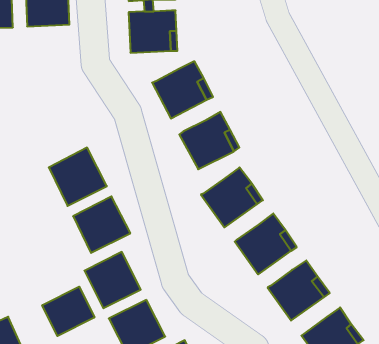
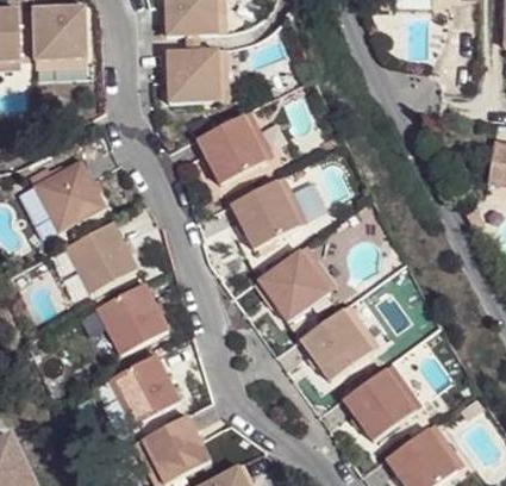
building: none -> [33,157,107,231]
building: [42,287,94,336] -> none

